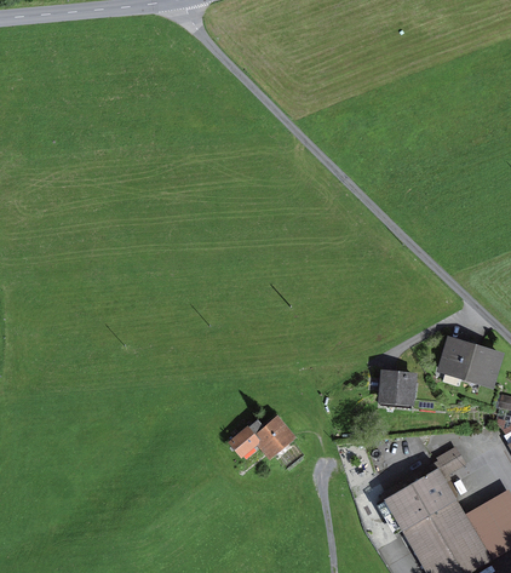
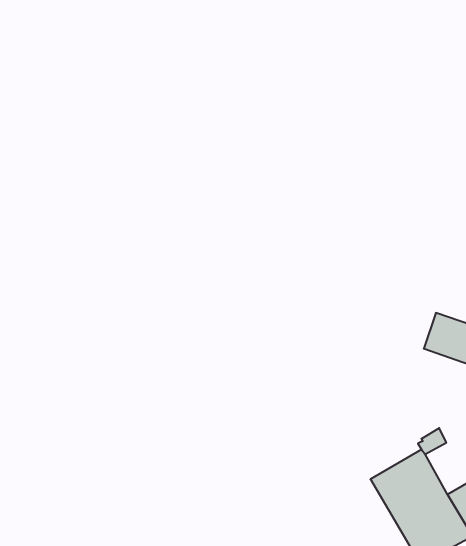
building: [380,367,419,402] -> none
building: [226,418,291,459] -> none

